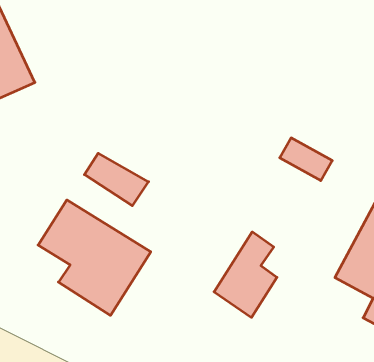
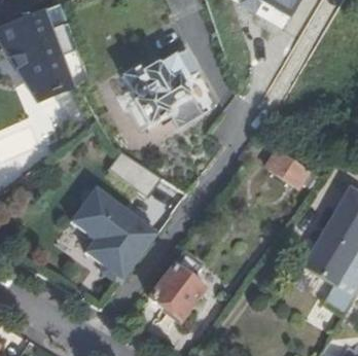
building: none -> [123,49,202,129]
building: [214,232,277,317] -> [151,248,203,317]

